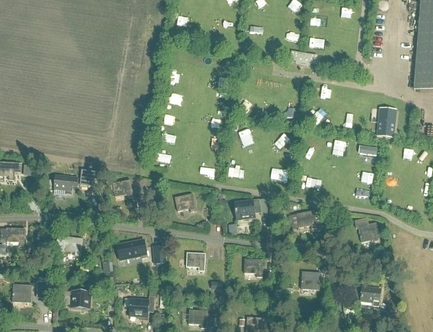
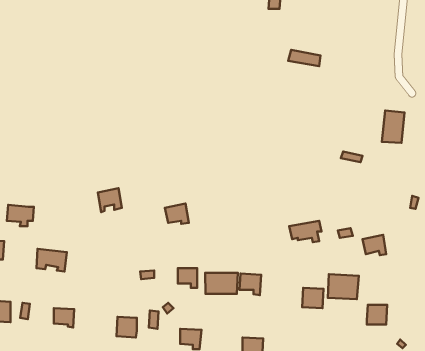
building: [53,174,78,194] -> [7,205,34,226]
building: [234,198,267,218] -> none
building: [116,239,147,259] -> none
building: none -> [205,273,238,294]
building: none -> [328,274,359,299]

